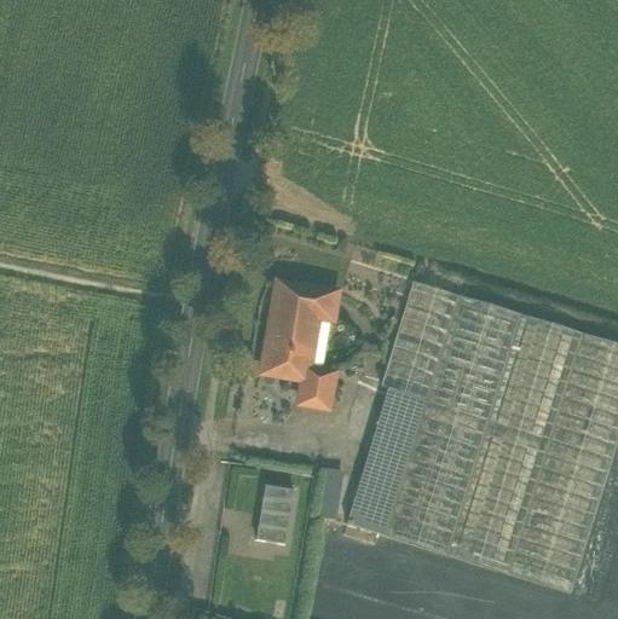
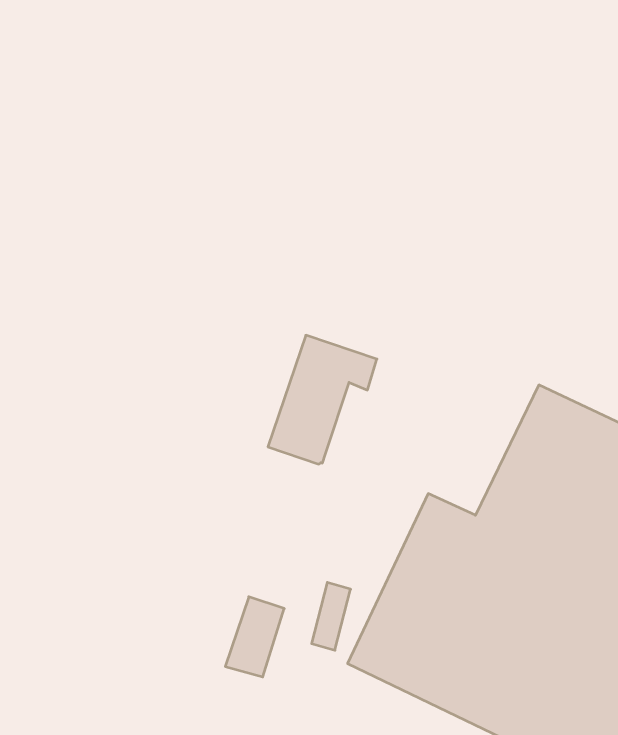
building: [381,280,458,399] -> none
building: [300,370,334,407] -> none

